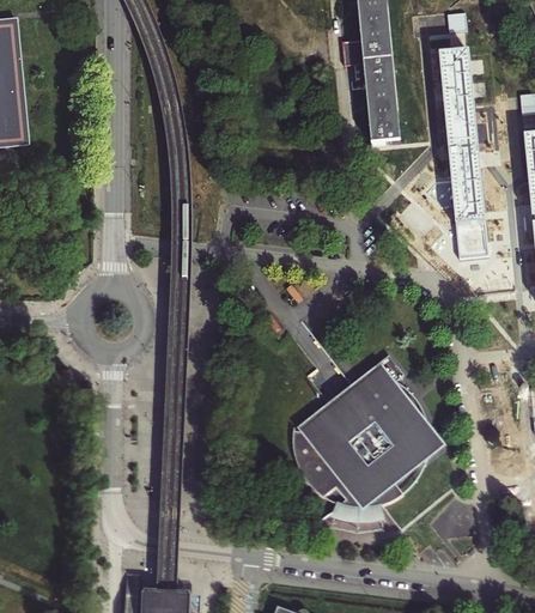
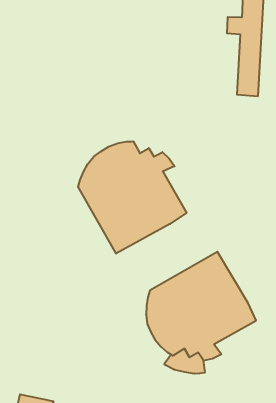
building: none -> [78,141,187,254]

